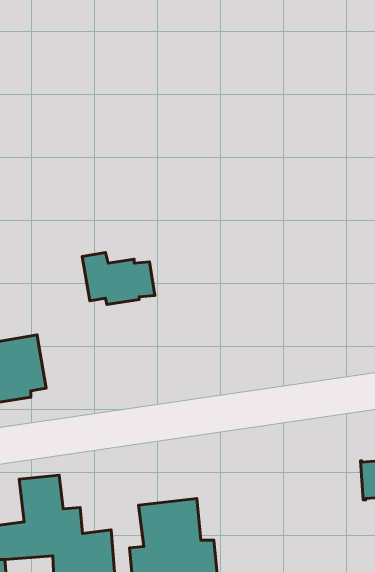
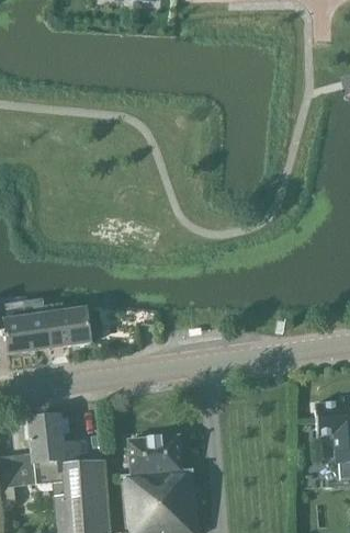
building: [82,253,155,305] -> [43,302,104,345]

